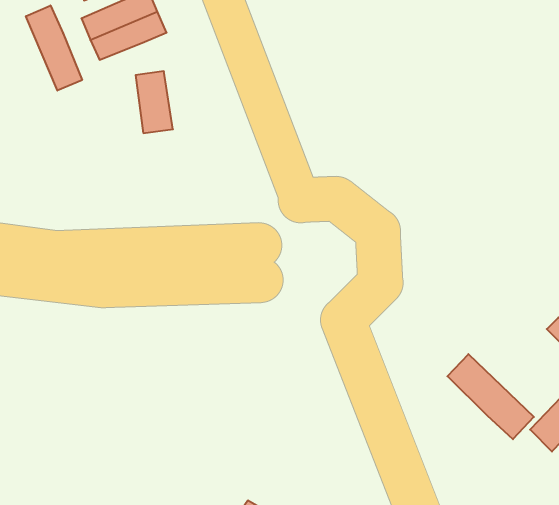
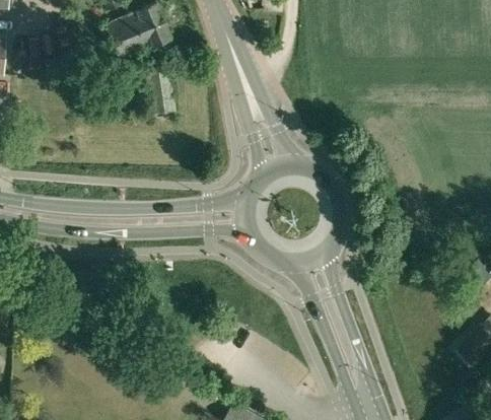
building: [26,5,82,91] -> none
building: [447,354,534,439] -> none

